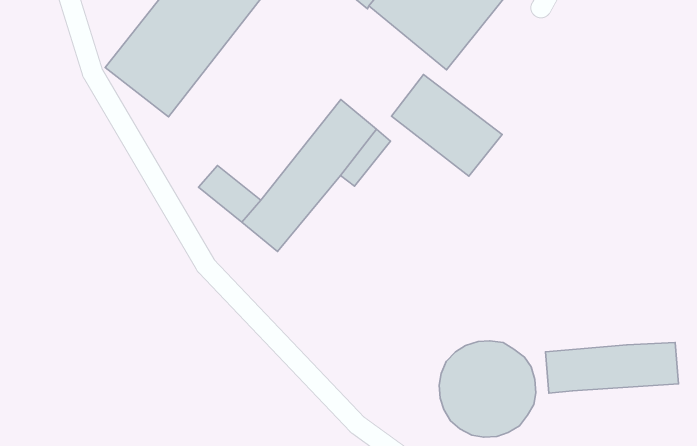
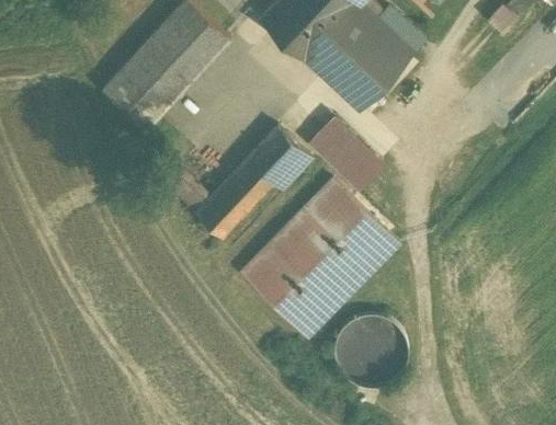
building: none -> [240,181,399,340]
building: [545,342,679,393] -> none

